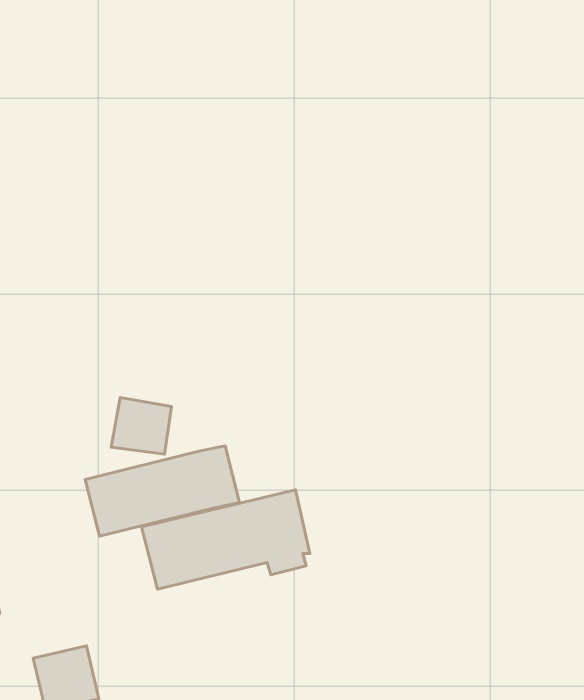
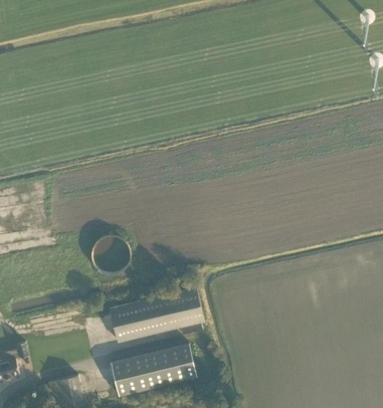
building: [85,446,239,536] -> [110,344,197,395]

